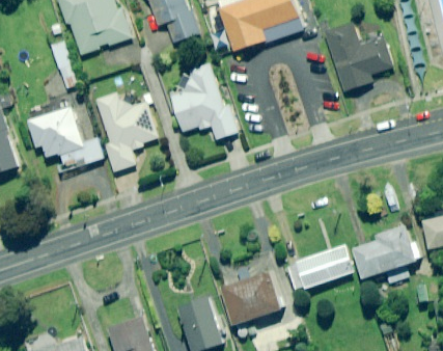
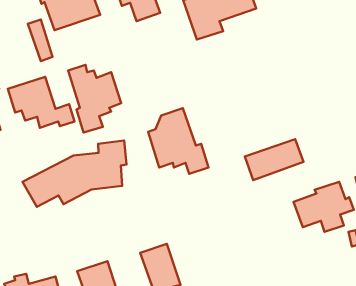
building: [326,24,392,91] -> none
building: [169,64,238,139] -> [148,108,208,174]
building: none -> [22,141,126,207]
building: [287,245,354,292] -> [245,139,303,180]
building: [221,273,281,325] -> none

